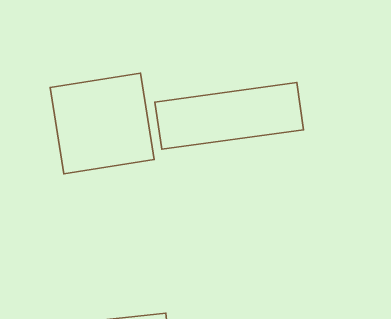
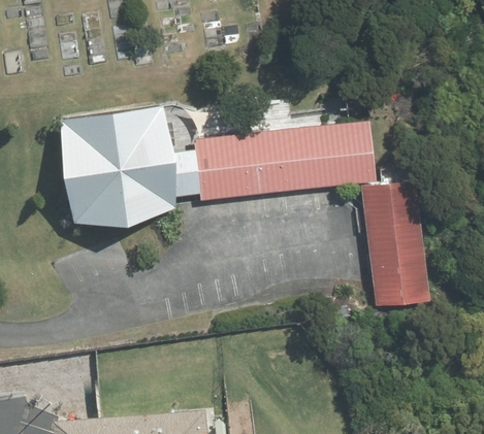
building: none -> [359,182,423,305]

